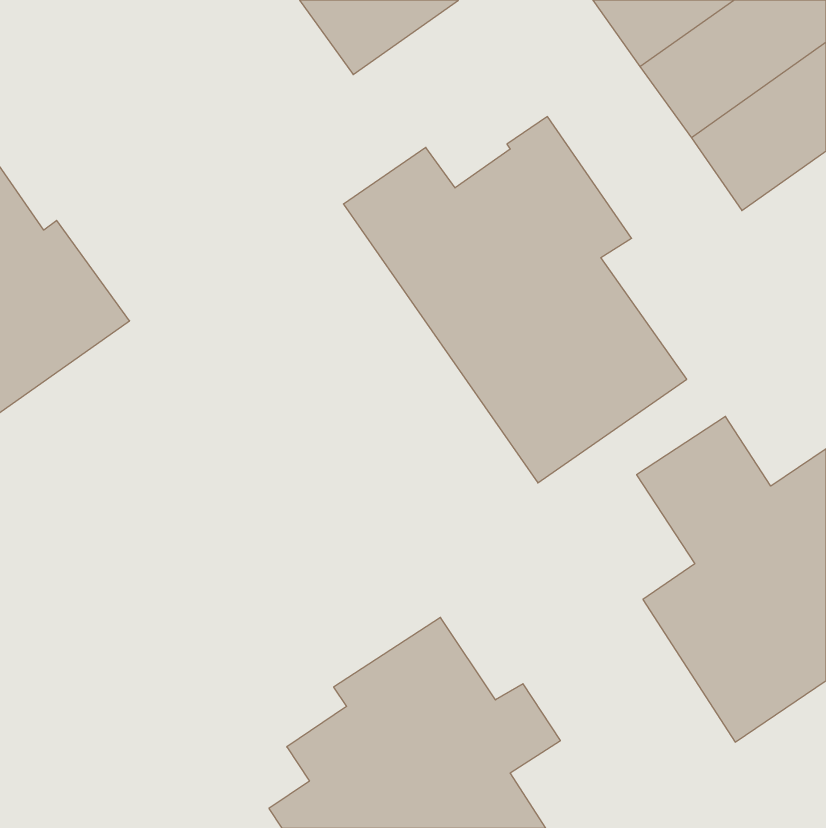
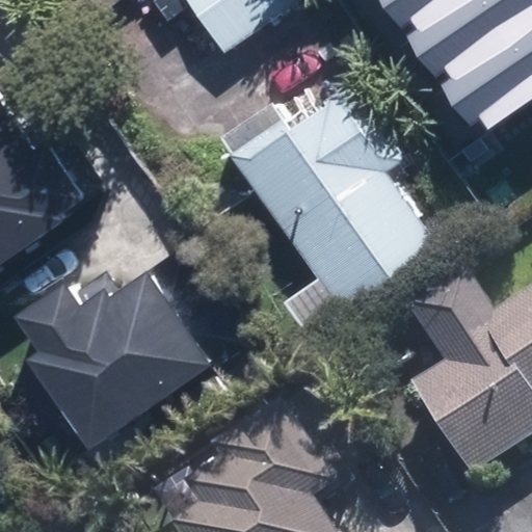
building: none -> [14,274,211,449]

